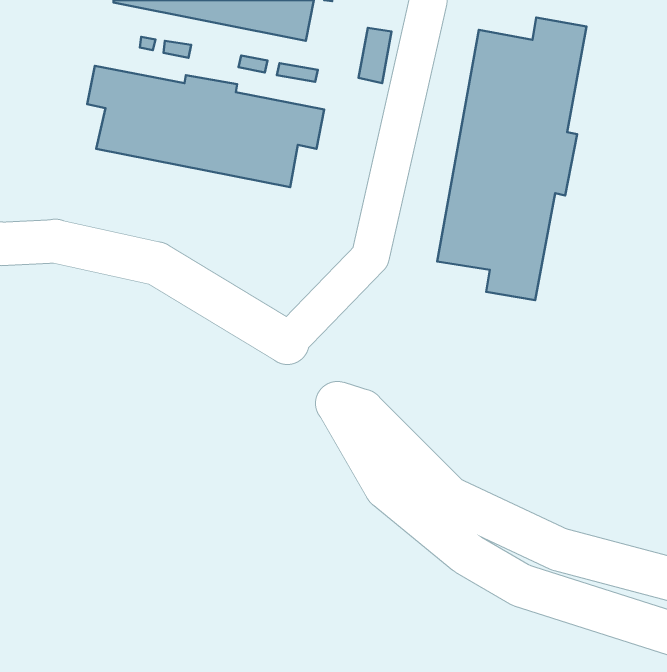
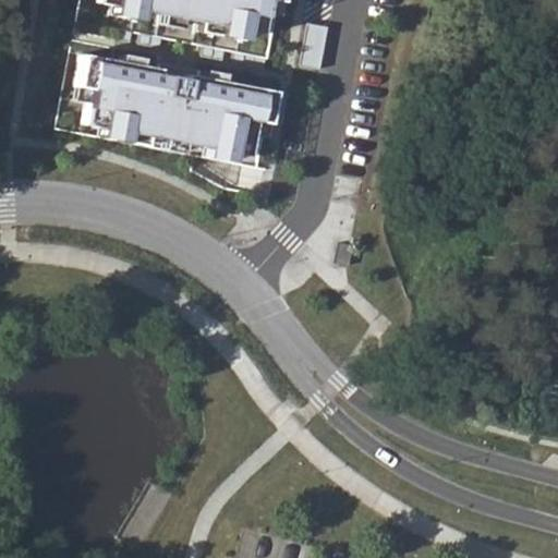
building: [437,18,587,300] -> none

